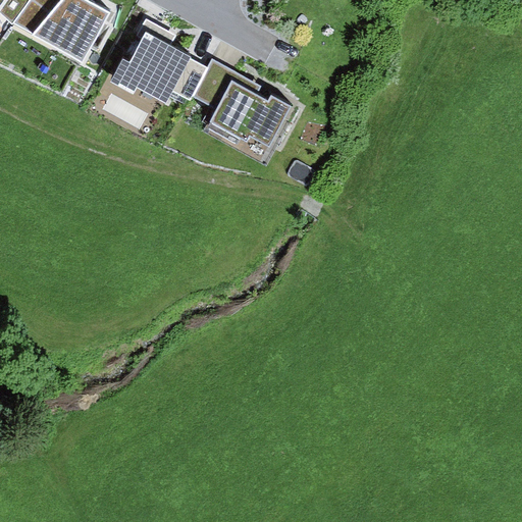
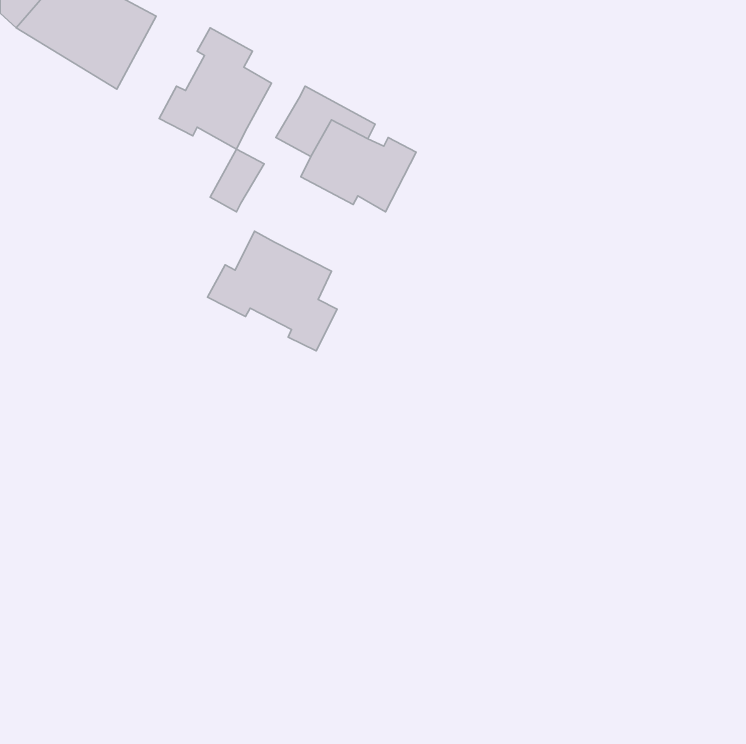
building: [171,58,209,102] -> [210,149,264,212]
building: none -> [208,231,337,351]

